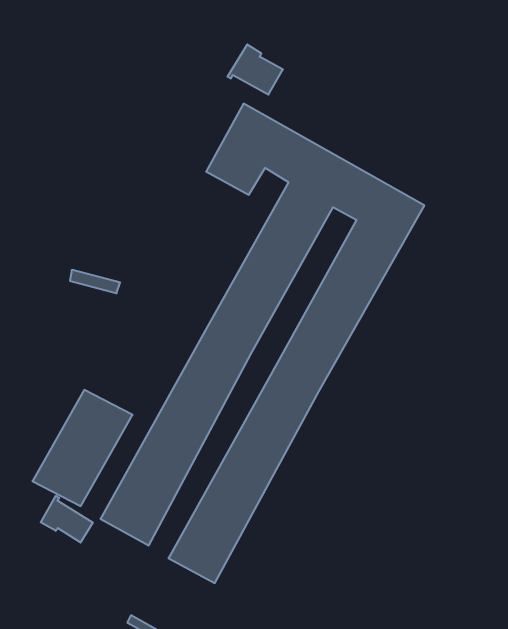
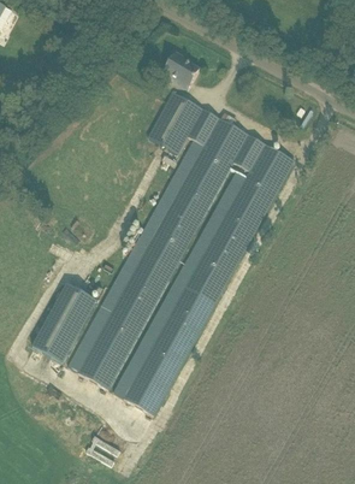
building: [41,496,93,543] -> none

